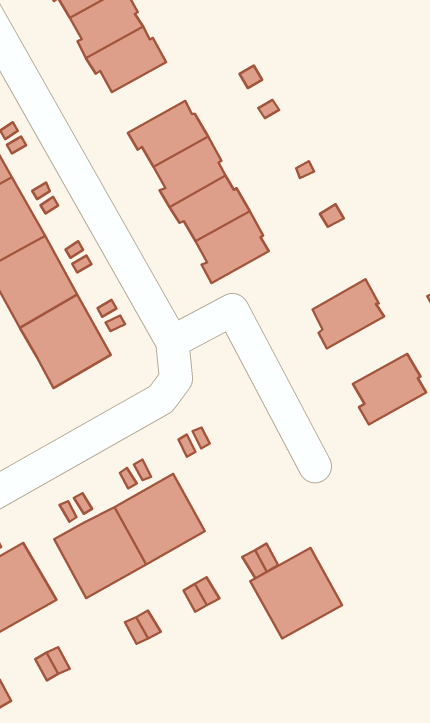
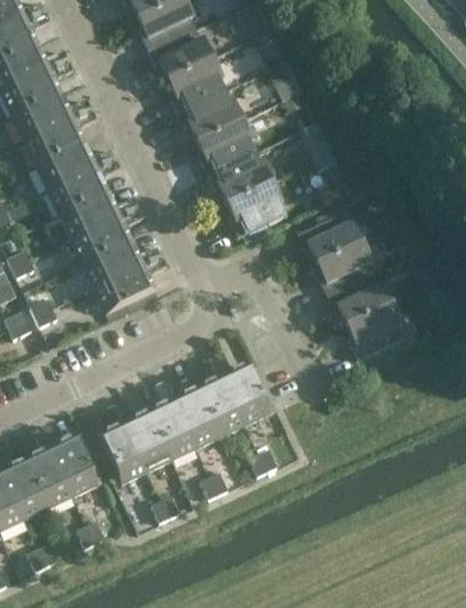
building: none -> [166,58,225,113]
building: none -> [296,211,360,264]
building: none -> [326,273,390,325]
building: [250,548,342,639] -> [196,365,269,436]

